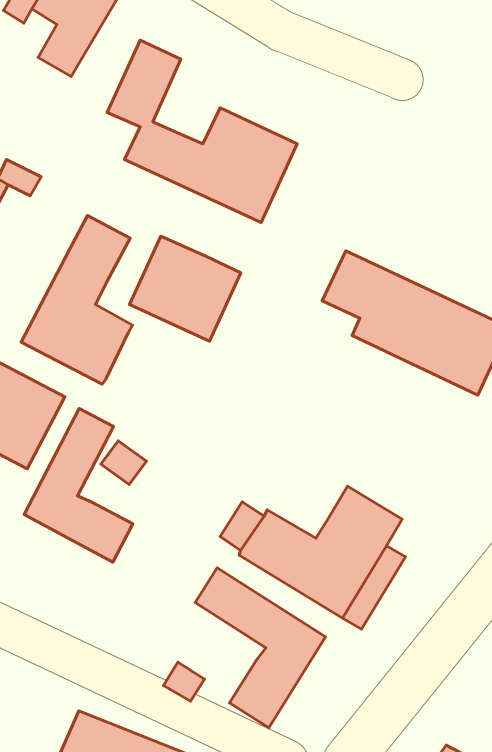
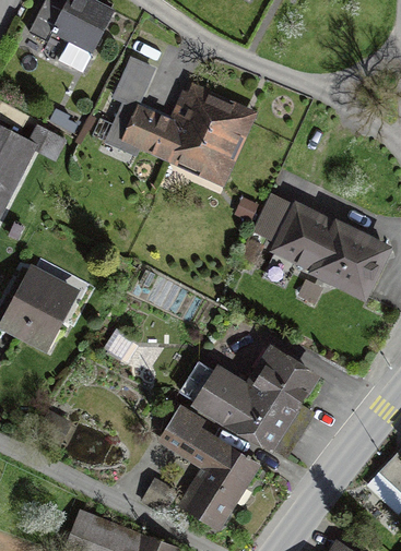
building: [21,216,132,384] -> none
building: [129,236,241,341] -> none
building: [24,409,133,562] -> none

